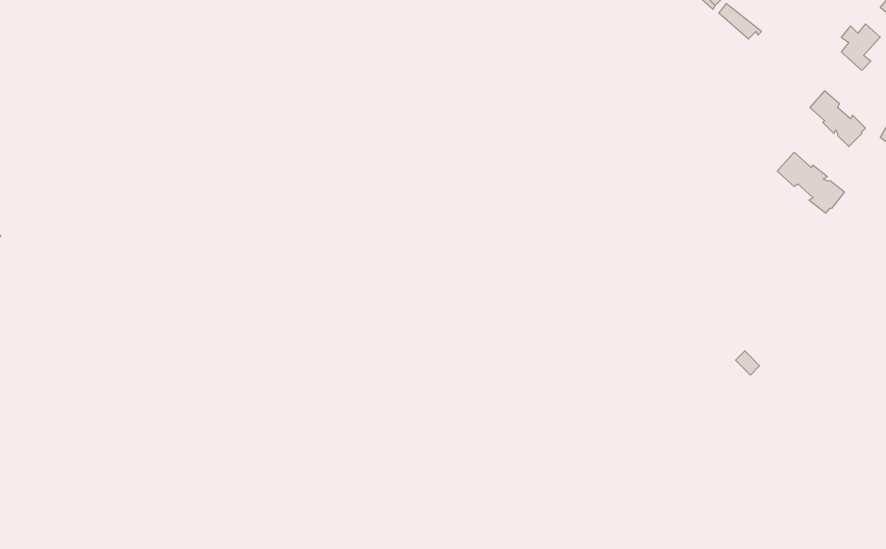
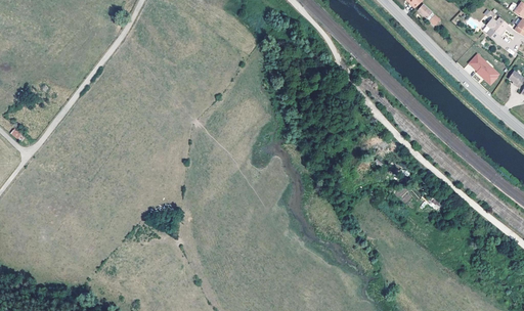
building: [777,152,844,213] -> none

